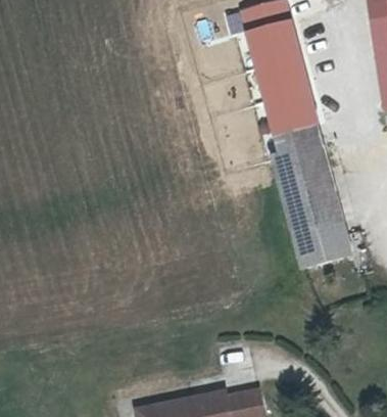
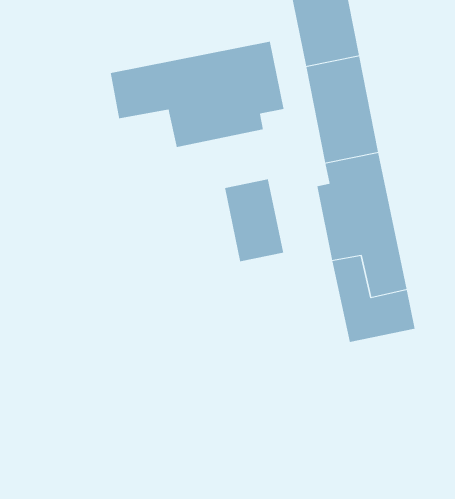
building: none -> [110,41,284,148]
building: none -> [224,178,284,262]

